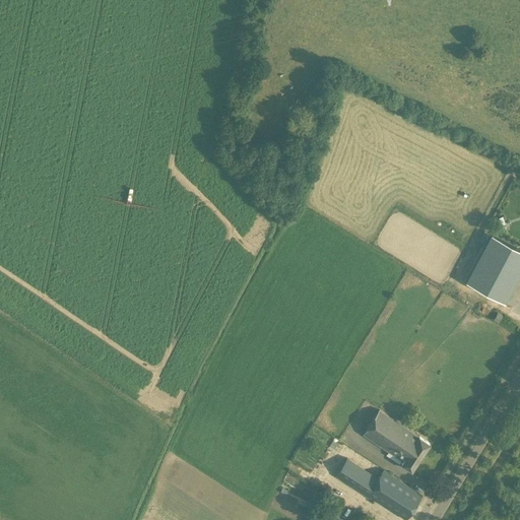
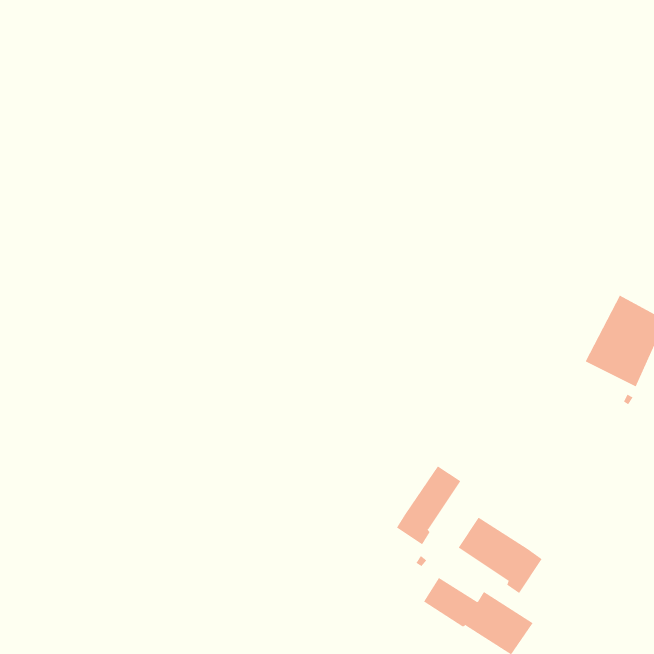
building: none -> [396,466,461,545]

